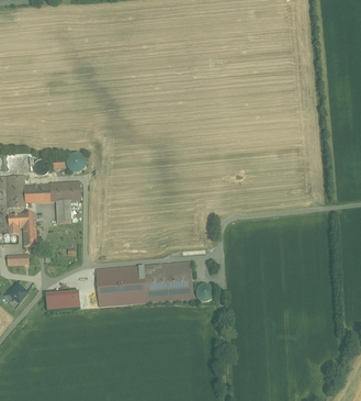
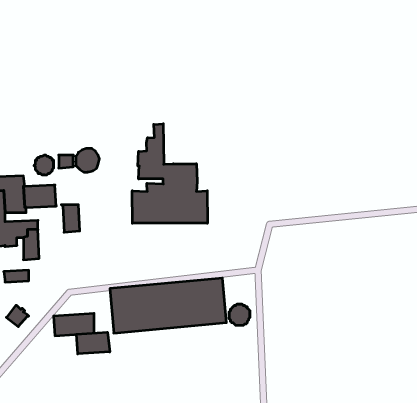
building: none -> [132,124,207,223]
building: [48,180,80,200] -> none
building: none -> [77,332,110,354]

